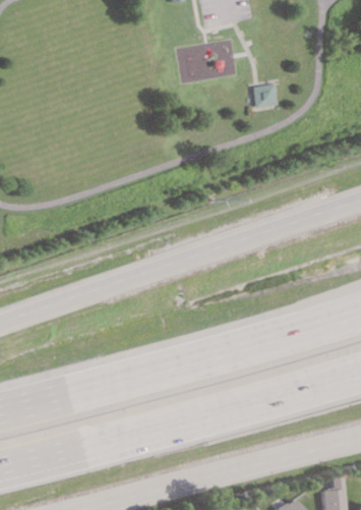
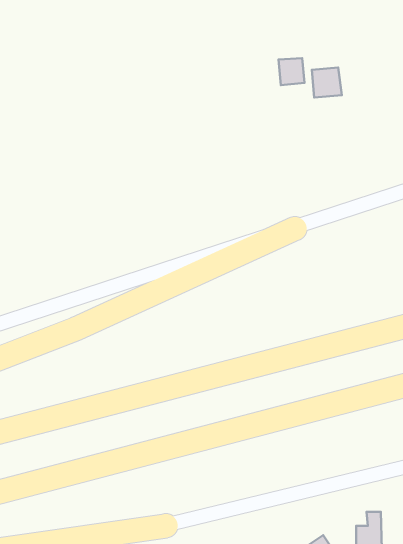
building: none -> [312,68,342,98]

